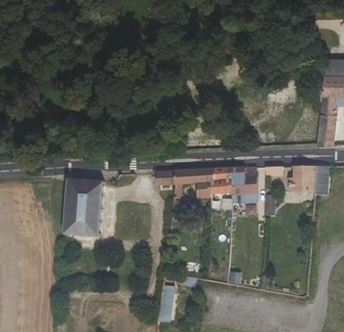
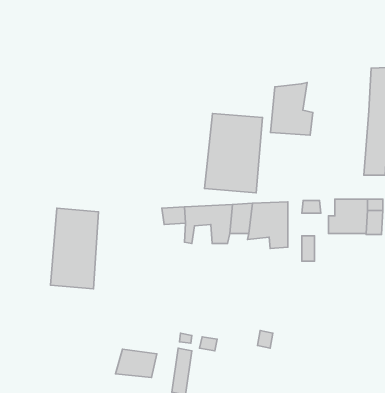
building: none -> [270,83,313,135]
building: none -> [204,114,263,193]
building: none -> [115,349,157,377]

